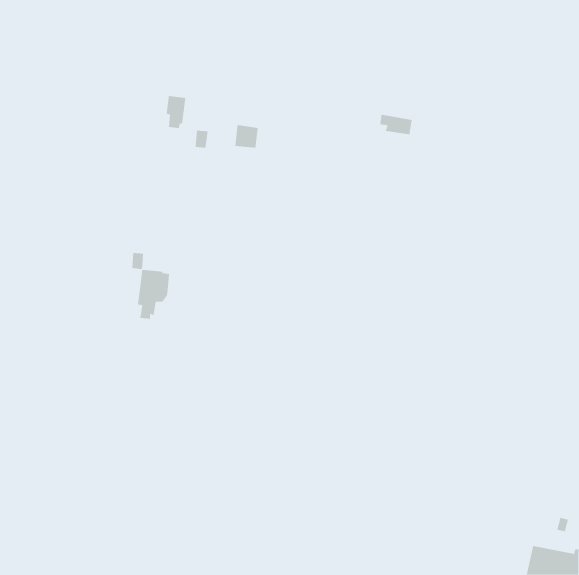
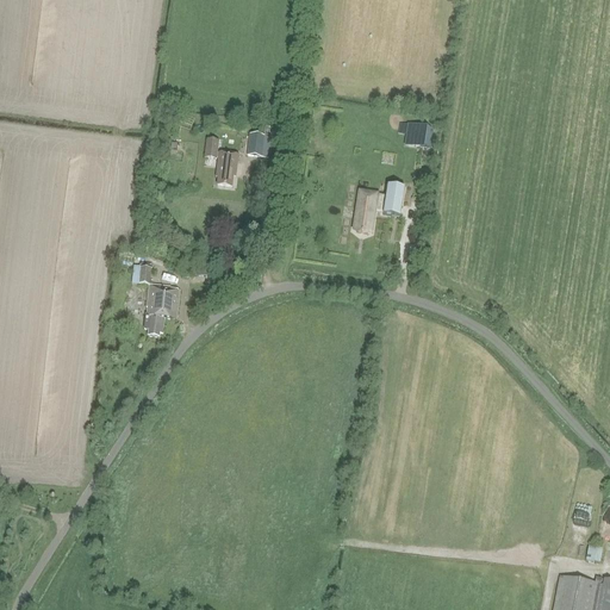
building: [166,96,186,128] -> [216,150,237,185]
building: none -> [351,182,404,231]

